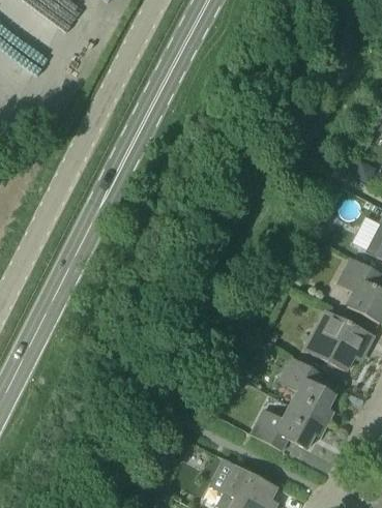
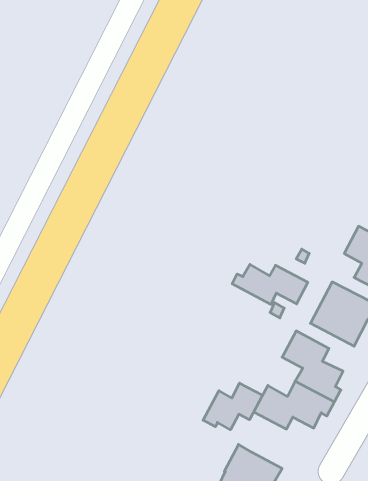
building: none -> [232,264,308,304]
building: none -> [203,383,262,430]

